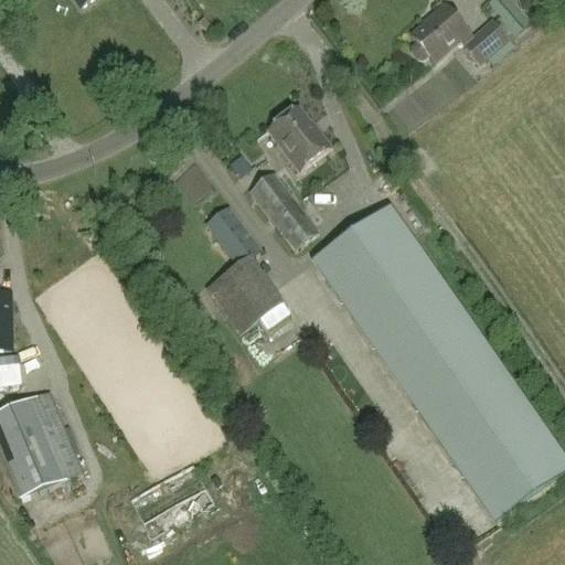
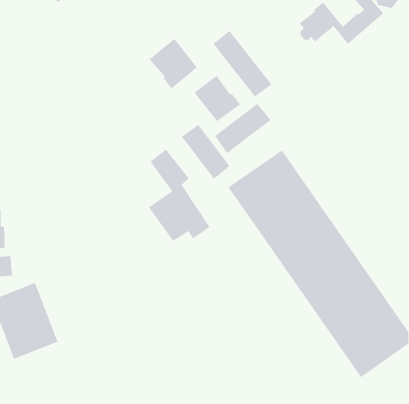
building: none -> [213,30,272,97]
building: none -> [148,38,198,90]
building: none -> [214,103,271,154]

